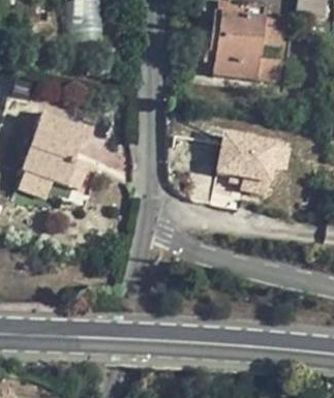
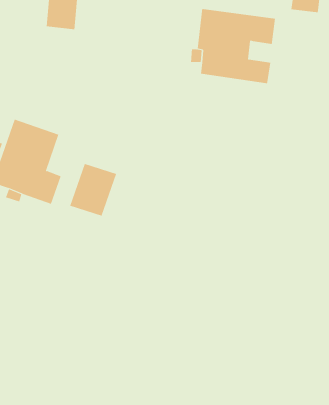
building: [218,133,289,193] -> none
building: none -> [69,163,117,217]

